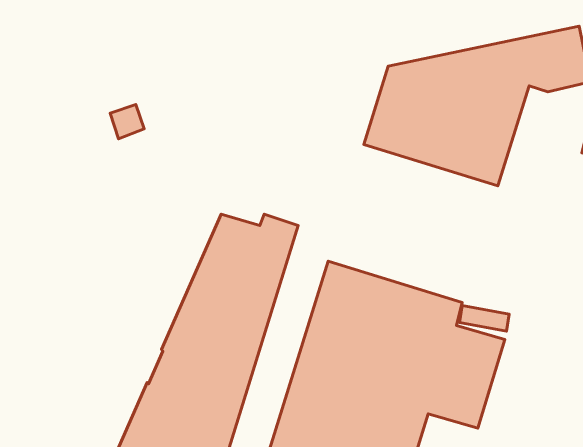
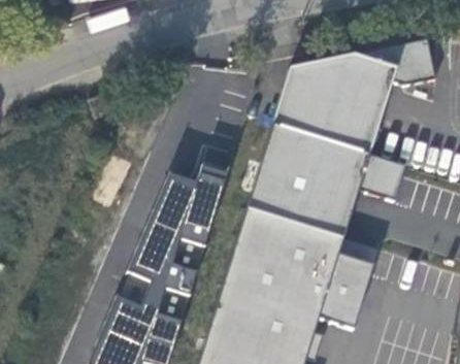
building: none -> [247,123,406,237]

